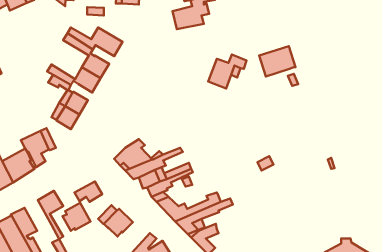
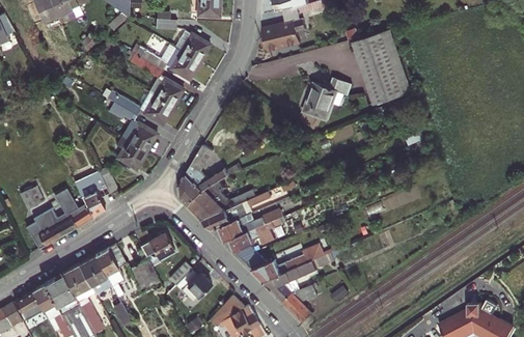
building: none -> [354,30,403,79]
building: none -> [174,31,210,62]
building: none -> [180,145,239,205]
building: none -> [79,256,112,294]

